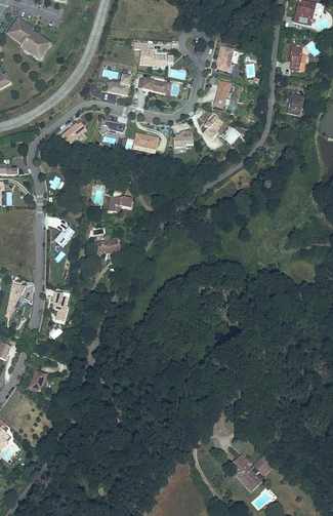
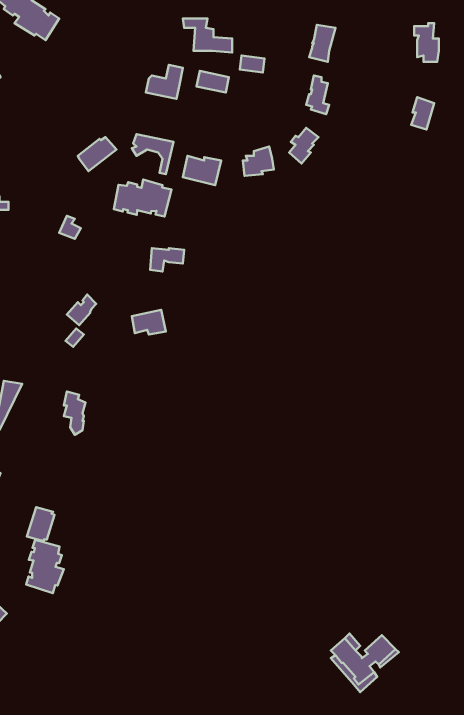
building: none -> [114,180,171,217]
building: none -> [26,540,64,593]

